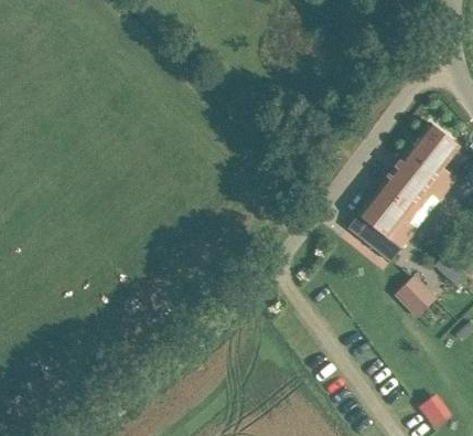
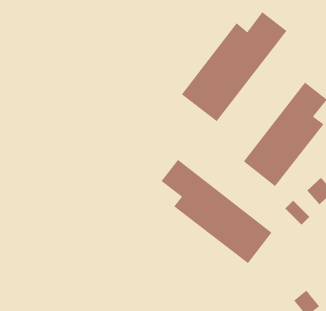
building: none -> [181,11,288,122]
building: none -> [160,159,272,264]

